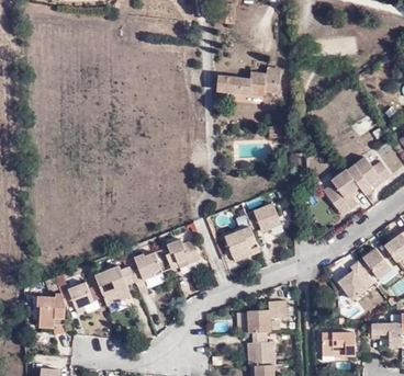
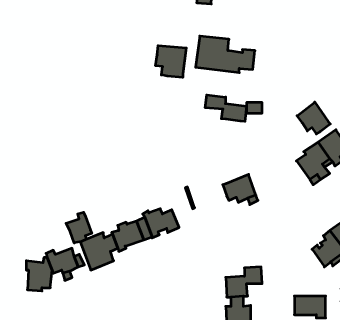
building: none -> [156,46,186,77]
building: none -> [205,95,247,121]
building: none -> [297,102,330,134]
building: [224,226,259,262] -> none
building: none -> [66,212,92,243]

